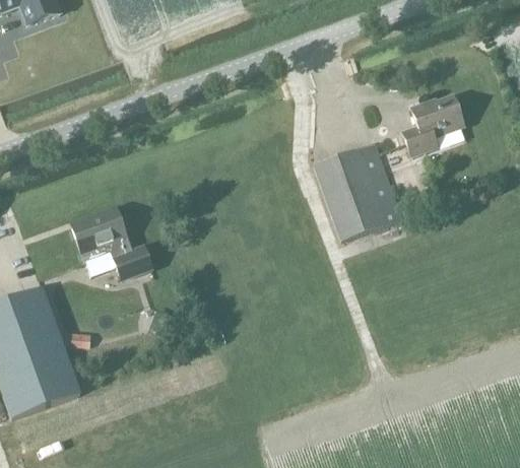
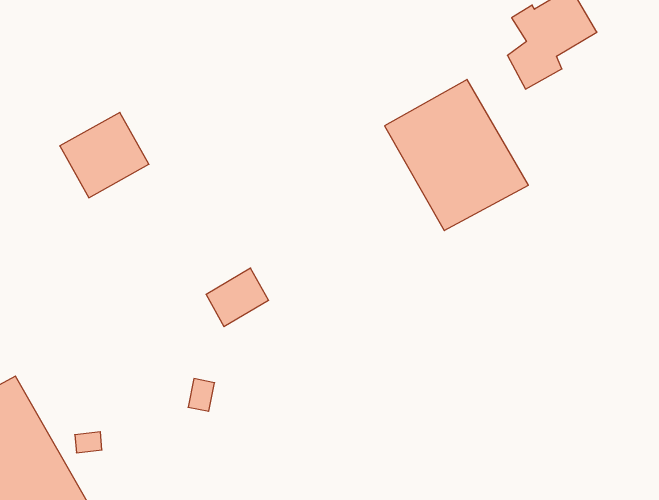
building: [70,207,127,260] -> [60,112,149,198]
building: [112,245,152,280] -> [206,268,269,327]

